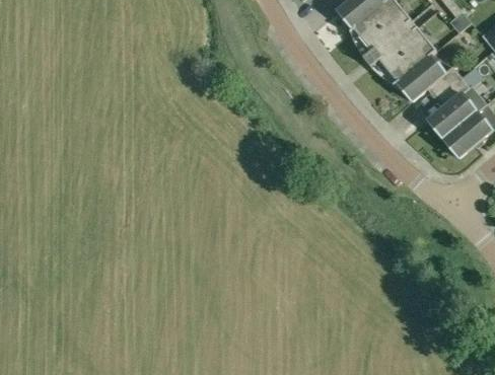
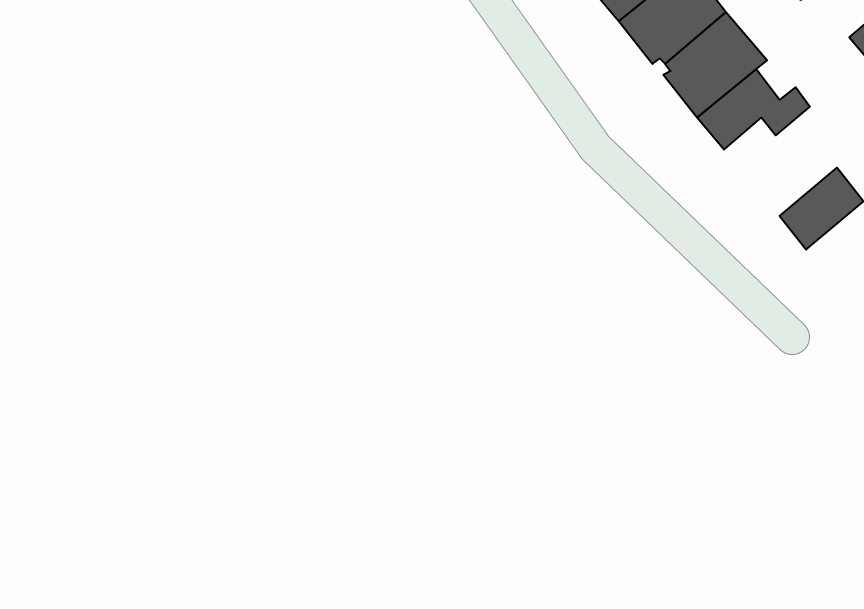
building: [427,76,486,138] -> none

